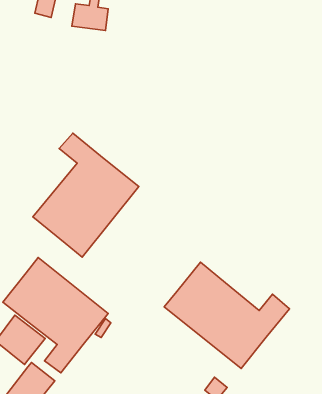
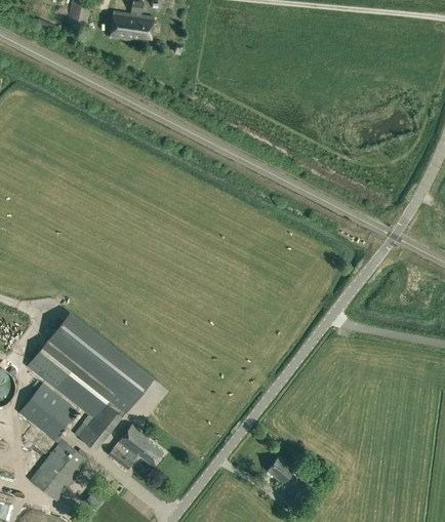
building: [33,133,139,257] -> none
building: [164,262,289,368] -> none
building: none -> [108,424,163,469]

